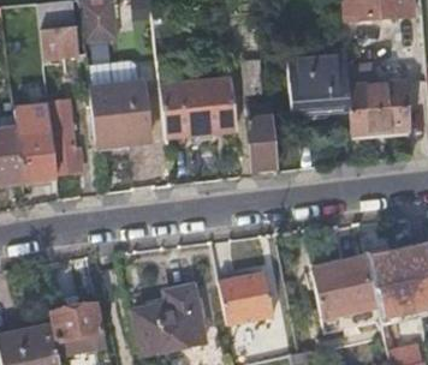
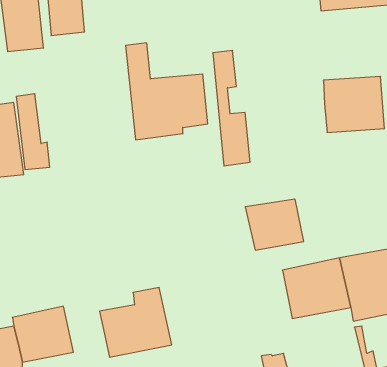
building: [289,49,351,112] -> none
building: [91,80,151,149] -> none
building: [216,271,273,321] -> [245,199,304,250]

